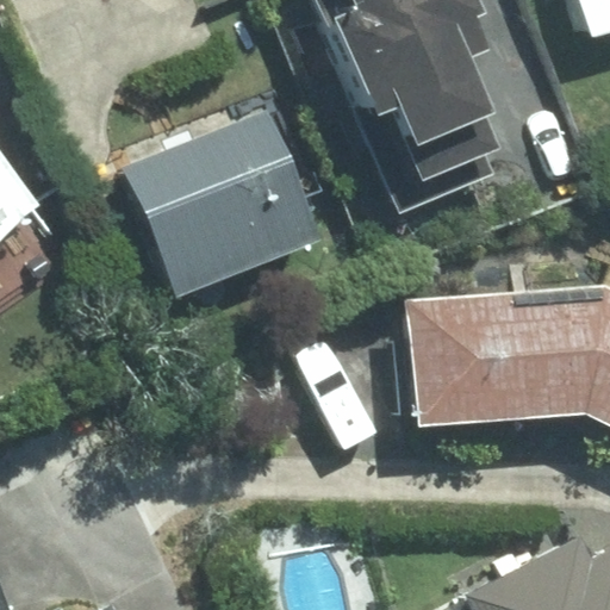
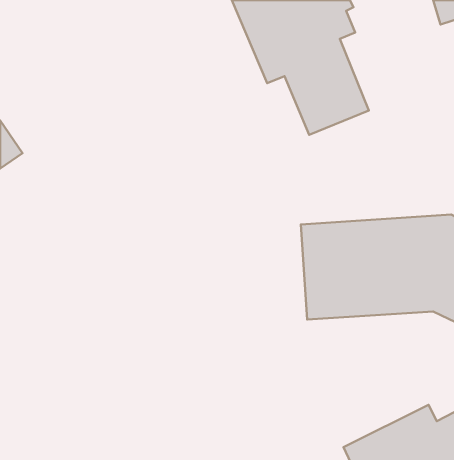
building: [127,111,320,295] -> none

